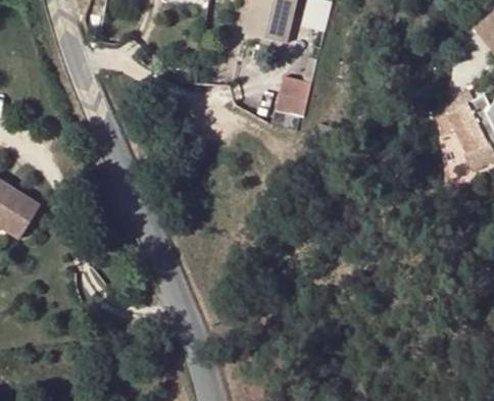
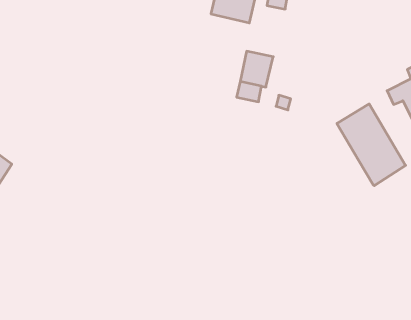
building: none -> [337,104,406,186]

